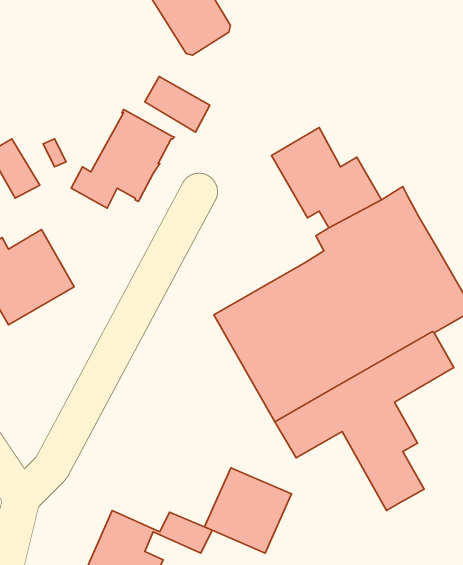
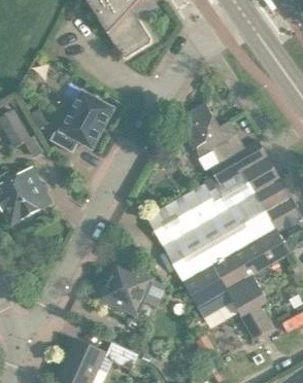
building: [145,76,210,132] -> none
building: [204,468,291,553] -> [99,263,154,316]

